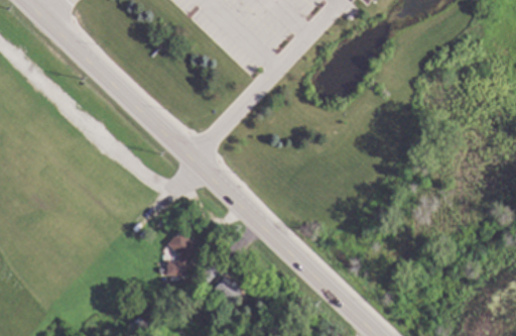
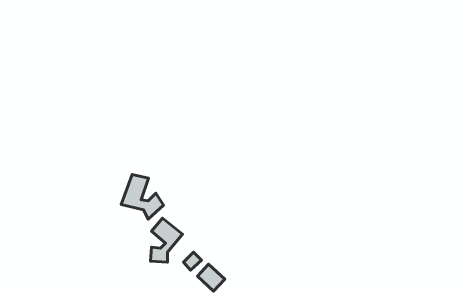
building: none -> [121,175,163,219]

